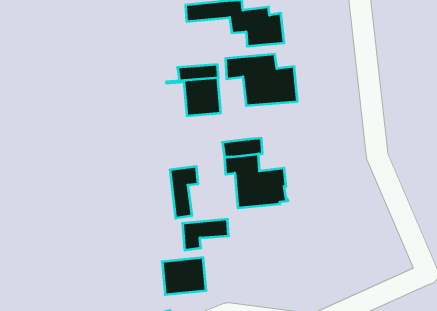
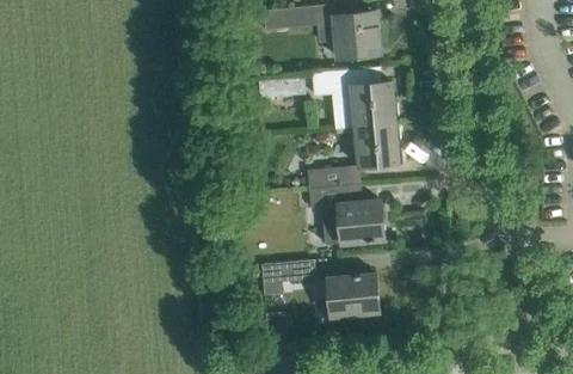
building: [166,78,221,116] -> [335,122,399,166]
building: [170,166,198,218] -> none
building: [162,258,206,295] -> [327,272,378,315]

